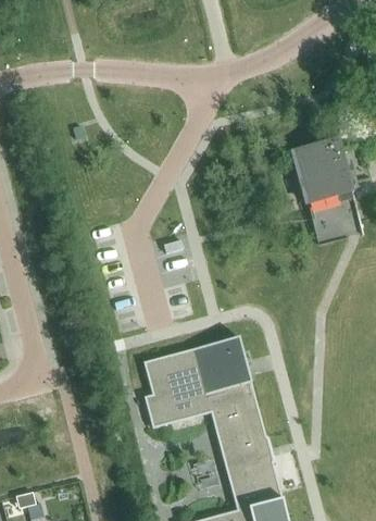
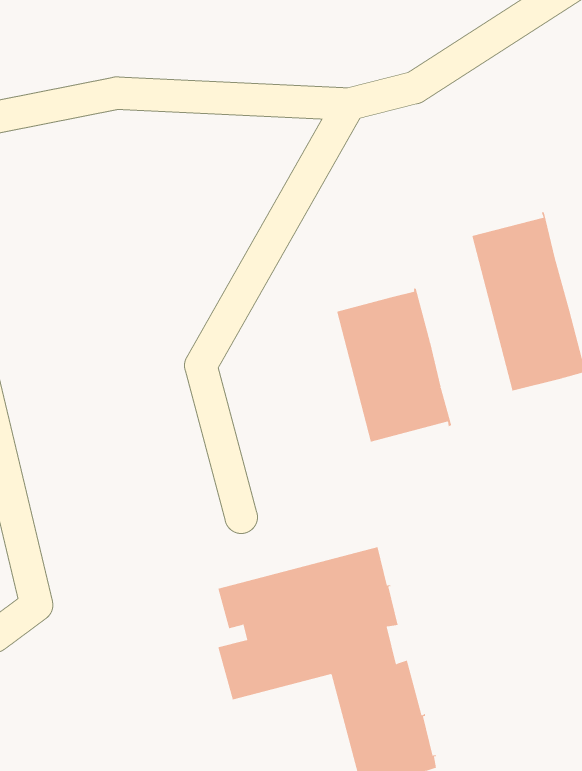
building: none -> [337,288,452,442]

